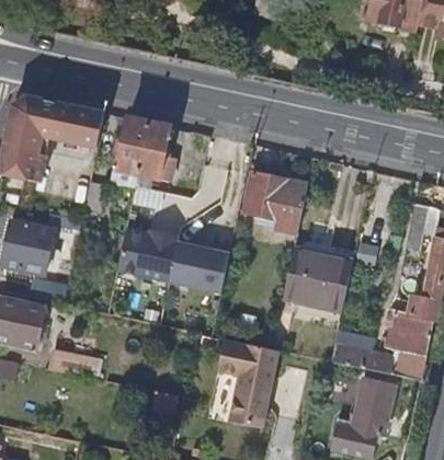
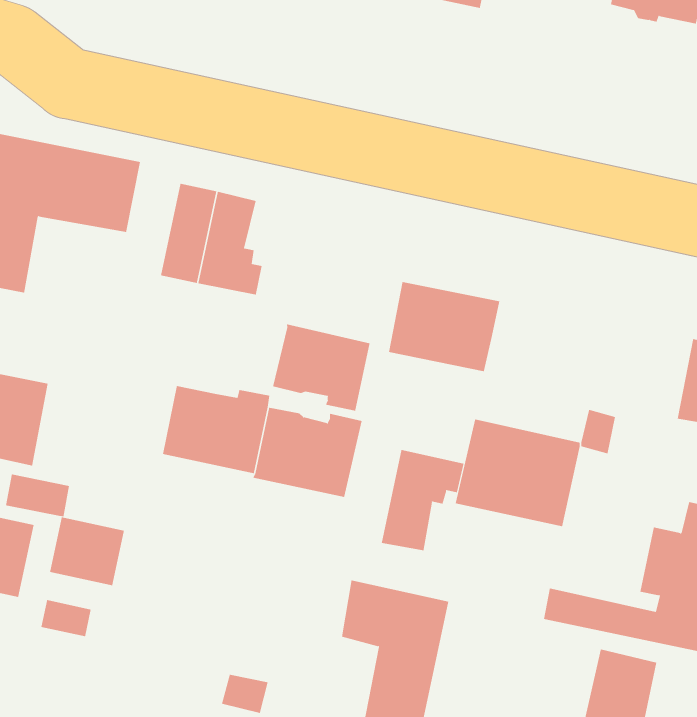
building: none -> [273,324,370,412]
building: none -> [381,449,464,551]
building: none -> [50,517,125,586]

